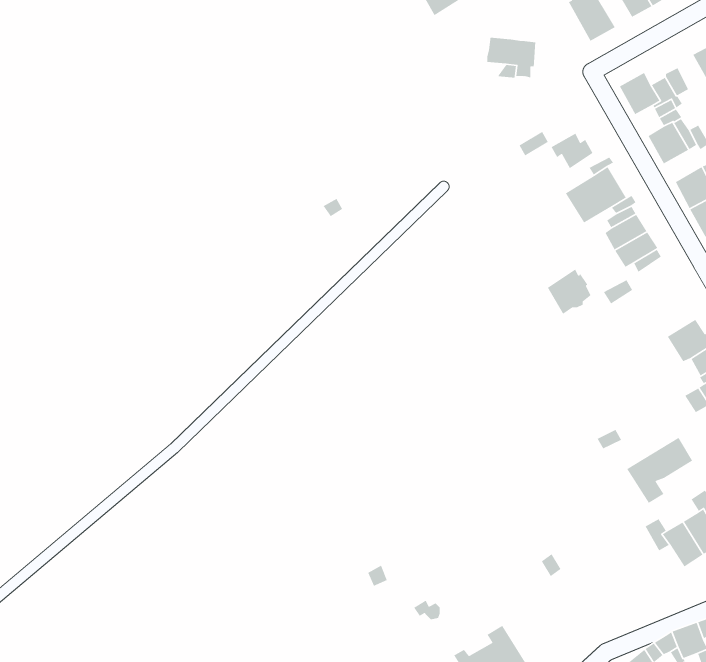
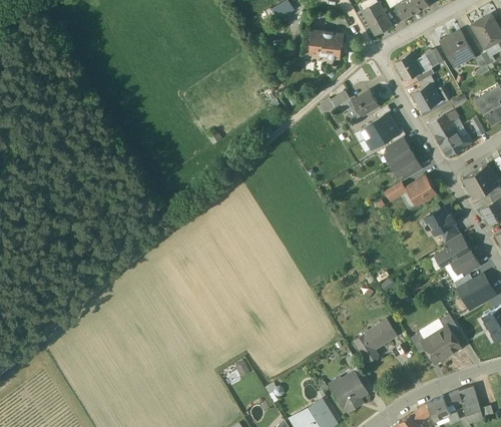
building: [547,268,592,315] -> [407,175,435,204]
building: [626,437,693,504] -> [354,320,396,362]
building: none -> [329,371,367,411]

